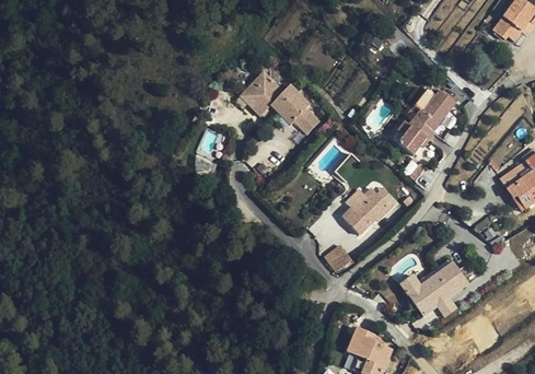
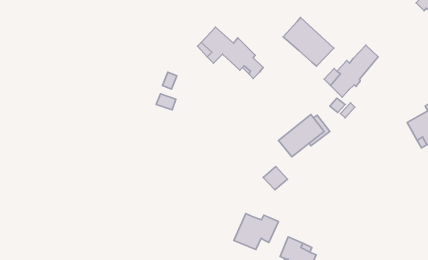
building: none -> [283,18,334,66]
building: [399,259,467,314] -> none
building: none -> [234,214,278,250]

